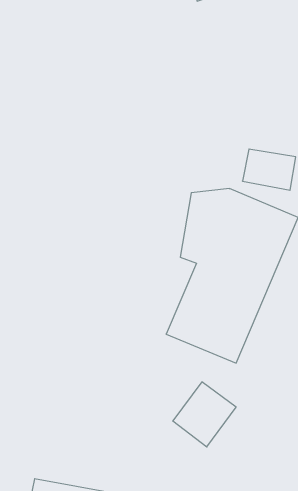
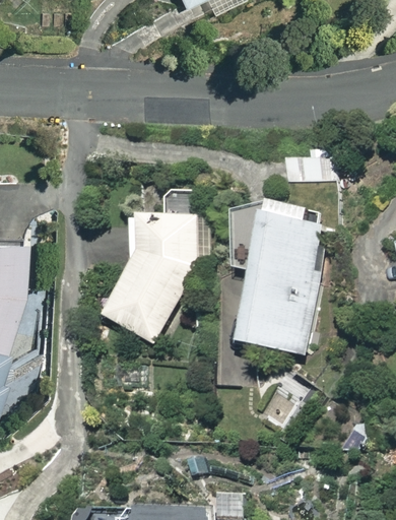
building: none -> [102,213,204,344]

